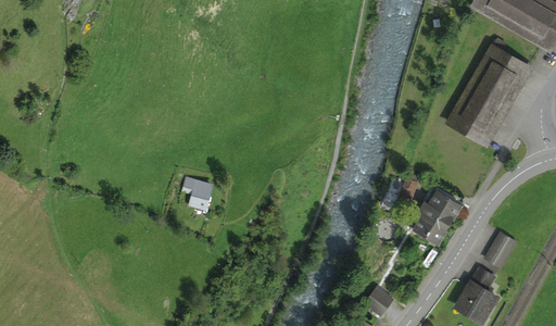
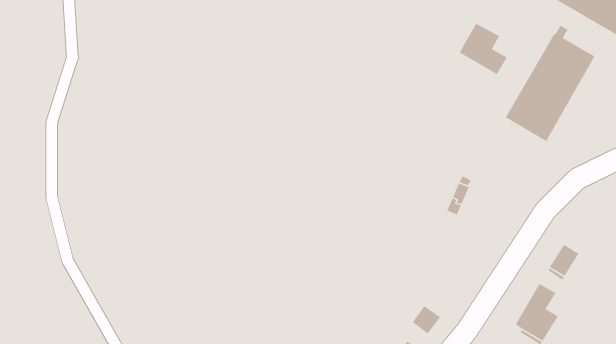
building: none -> [459,23,508,75]
building: [182,177,210,206] -> none
building: [415,190,460,242] -> none

